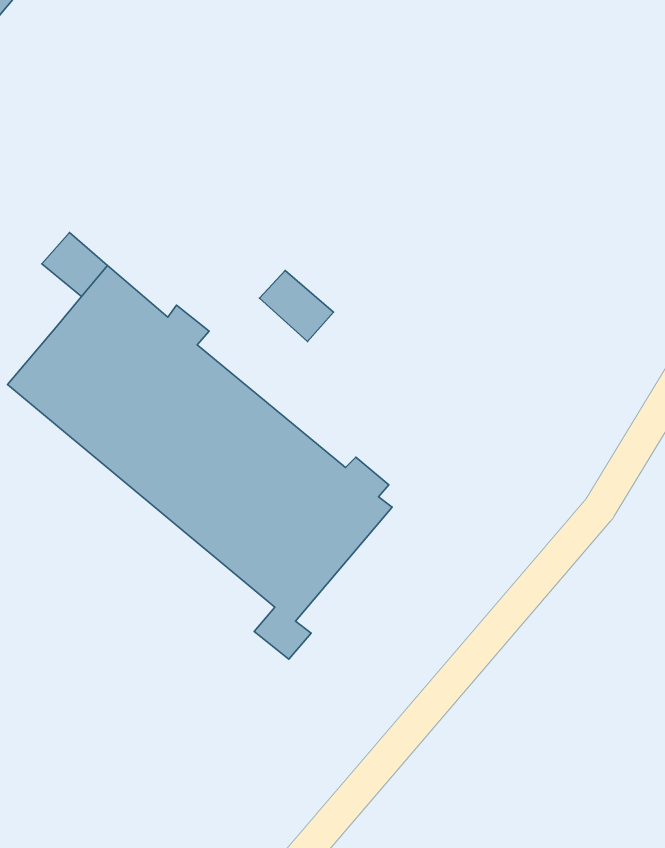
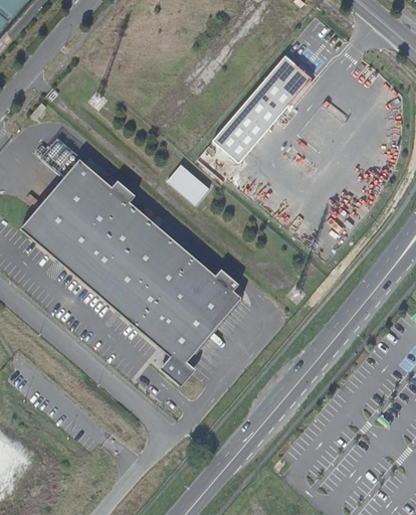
building: none -> [206,48,315,165]

